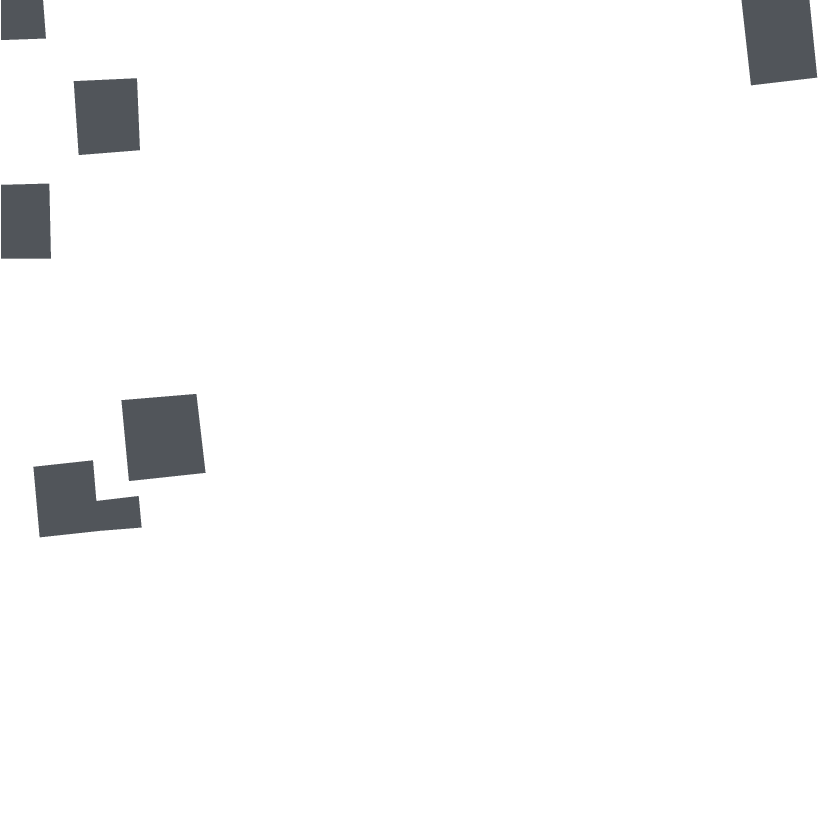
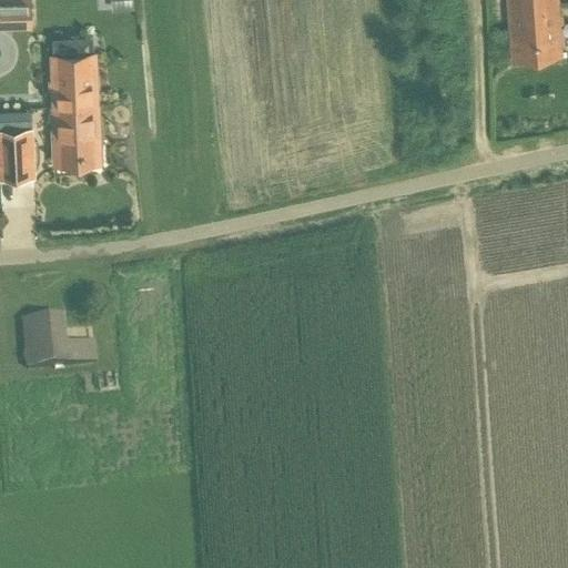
building: none -> [53,103,99,162]
building: [121,393,206,482] -> none

